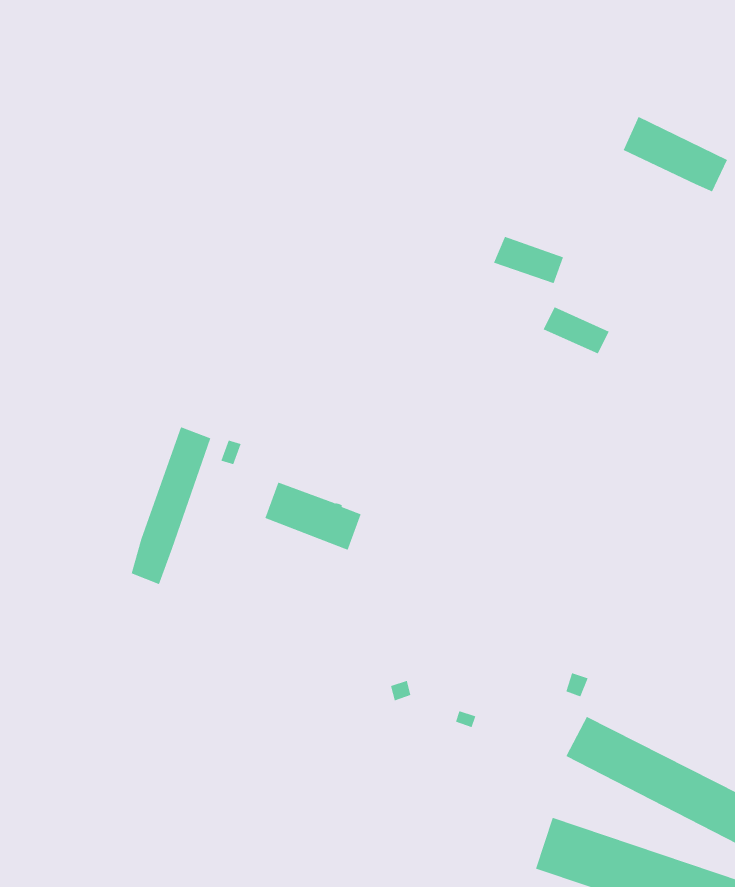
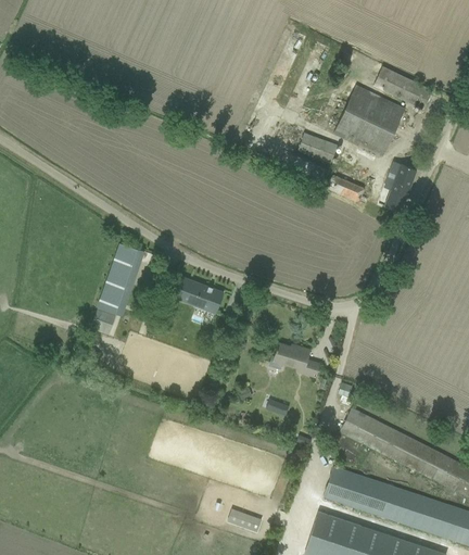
building: none -> [337,87,406,156]
building: none -> [378,161,418,212]
building: none -> [270,343,320,377]

